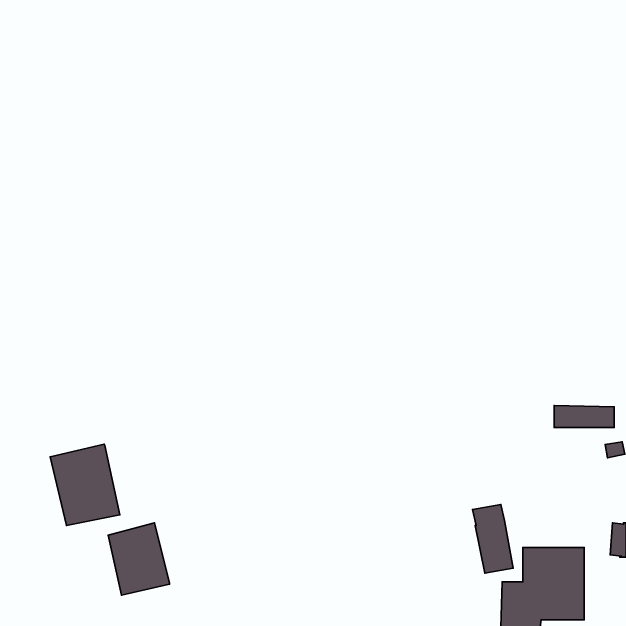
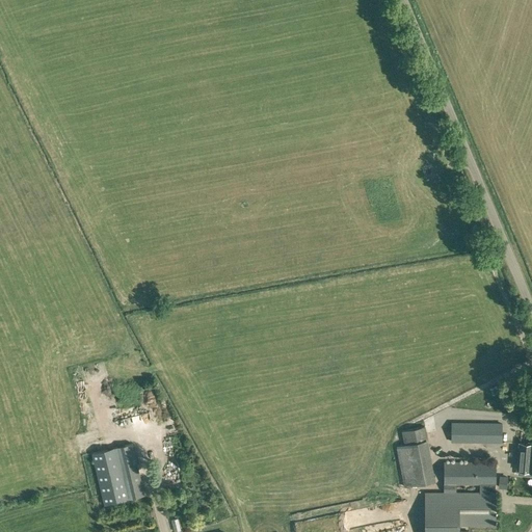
building: [554,405,614,428] -> [450,424,501,443]
building: [50,444,120,526] -> none

